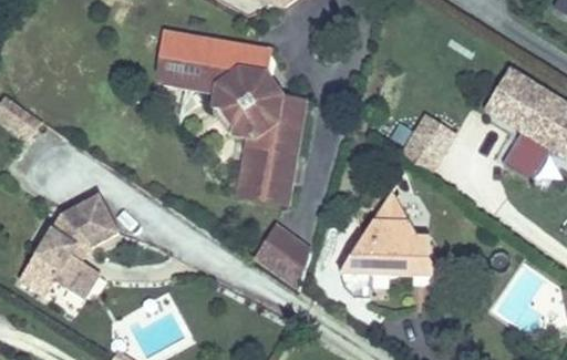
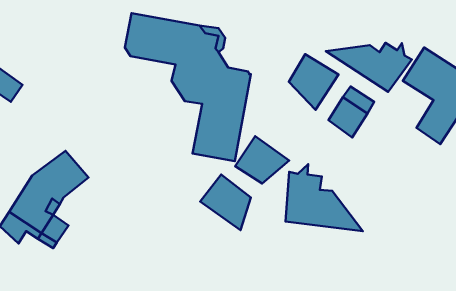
building: none -> [326,43,412,92]
building: none -> [289,54,339,110]
building: none -> [235,136,289,183]

